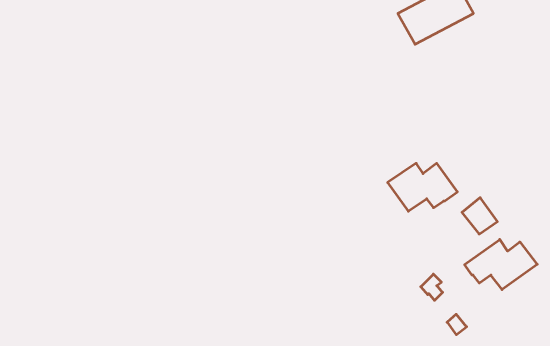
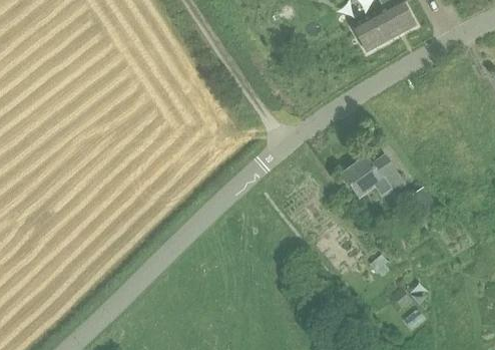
building: [465,239,537,290] -> none

